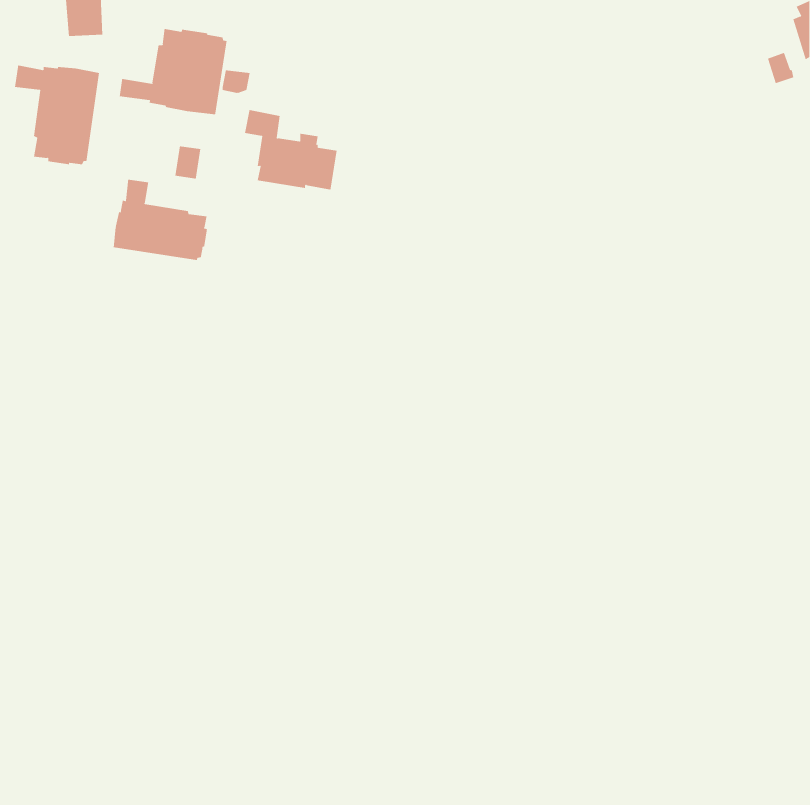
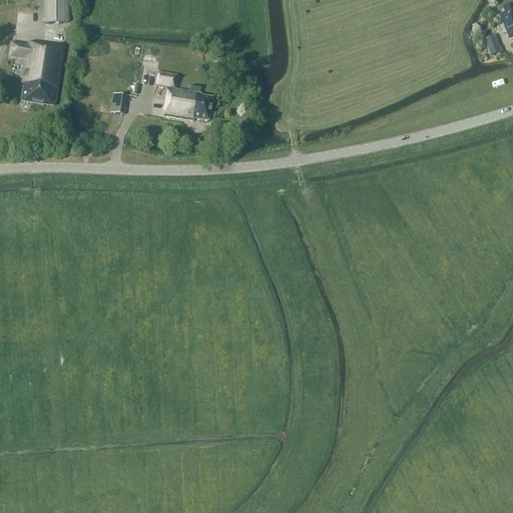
building: [119,28,227,115] -> none
building: [113,179,208,261] -> none

